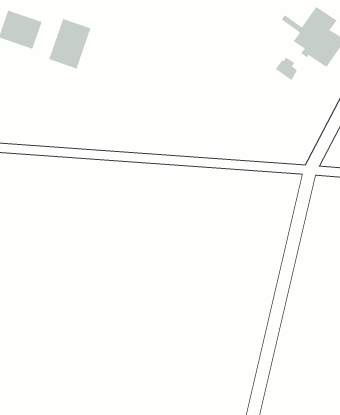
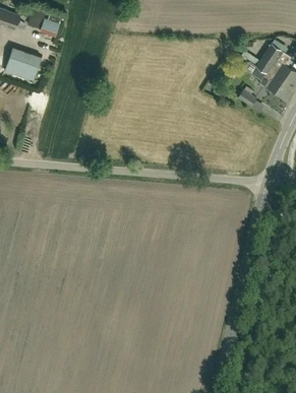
building: [48,18,91,69] -> none

